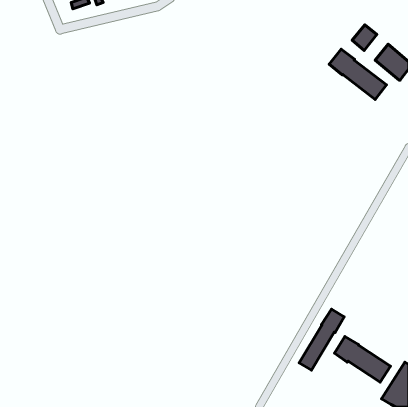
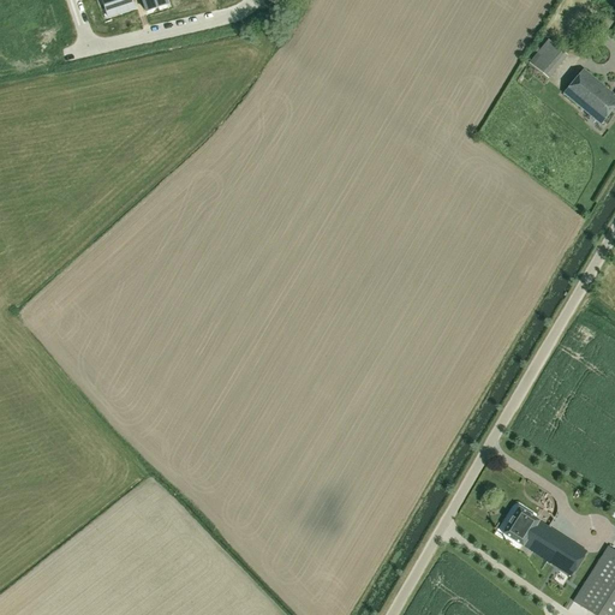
building: [329,49,386,99] -> none
building: [299,309,344,370] -> none

